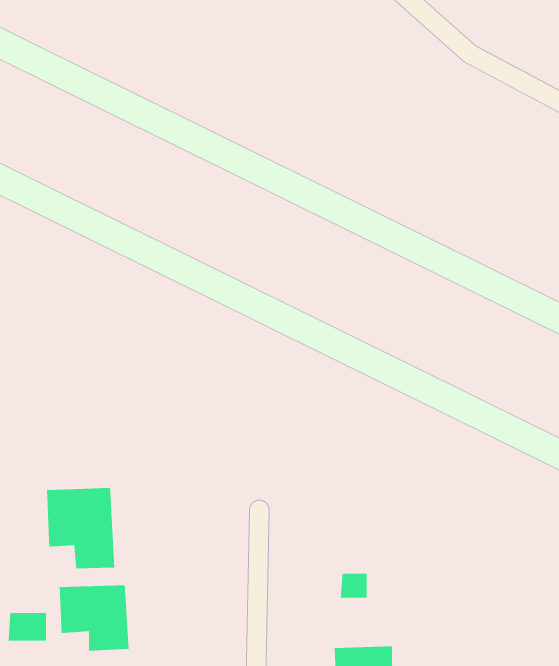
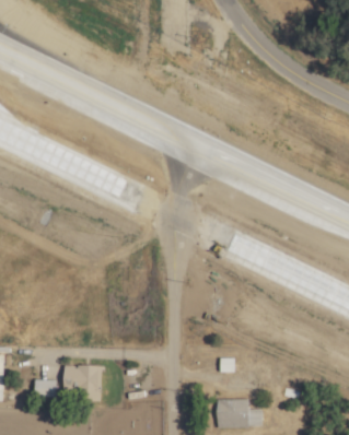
building: [46,487,115,569] -> none

